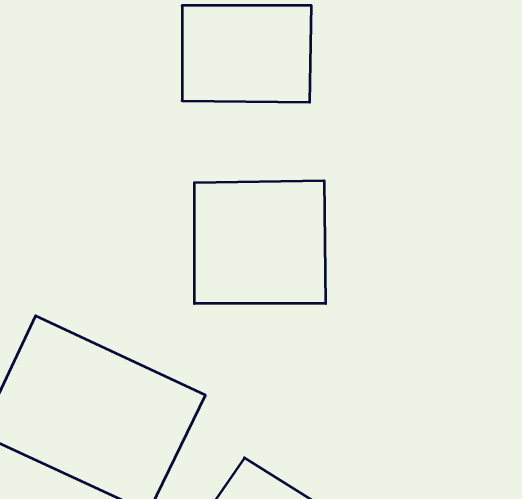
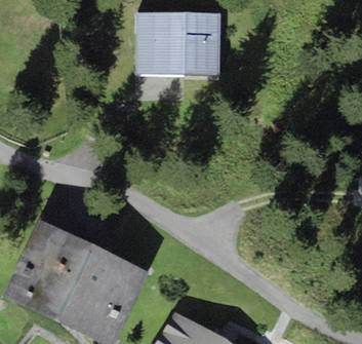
building: [194,181,326,304] -> none

